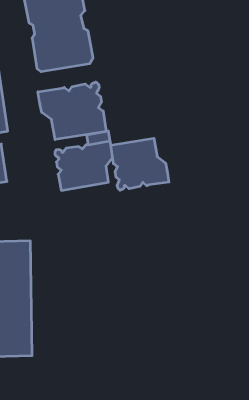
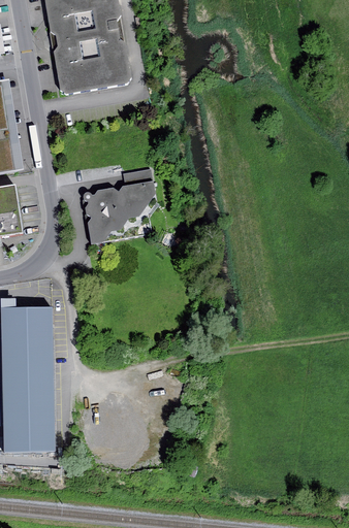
building: [38,82,106,140] -> none
building: [111,138,169,190] -> none

